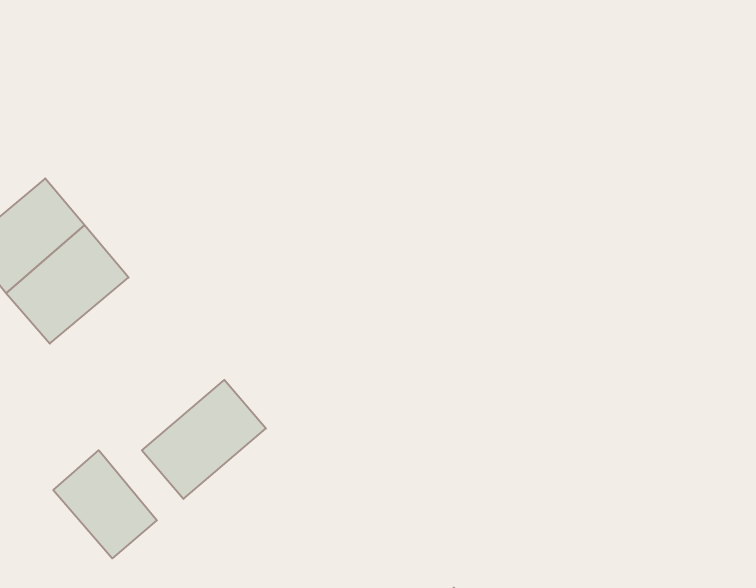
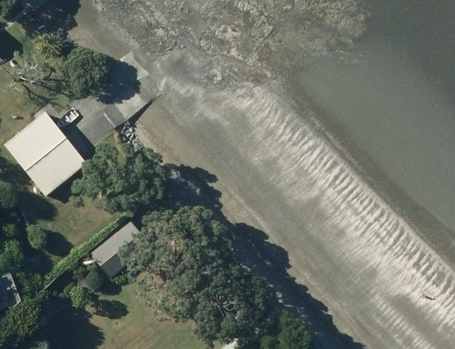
building: [53,450,157,558] -> none

